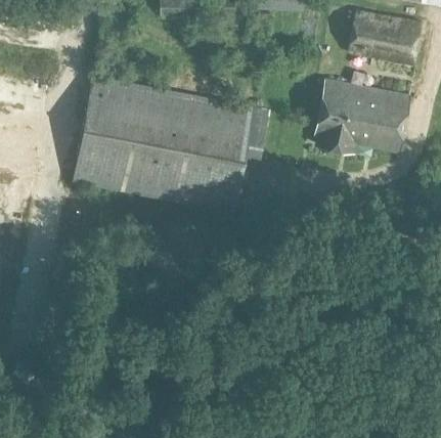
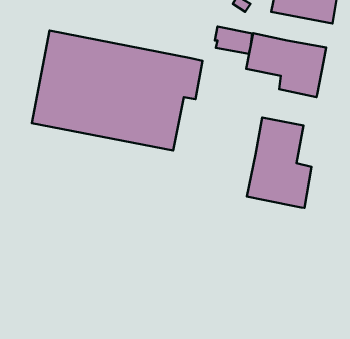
building: [316,119,359,150] -> [215,26,252,54]
building: none -> [247,118,312,208]

